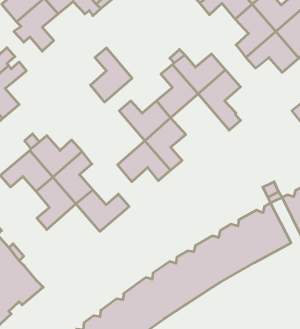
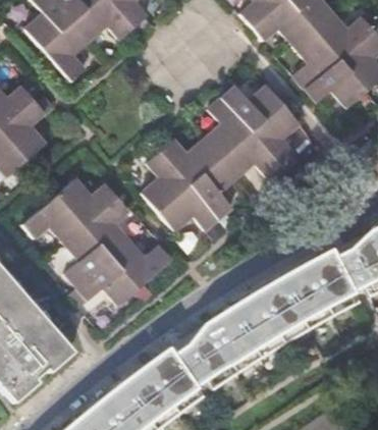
building: [90,48,132,102] -> [141,149,188,211]
building: none -> [218,129,285,180]
building: none -> [75,256,137,305]

